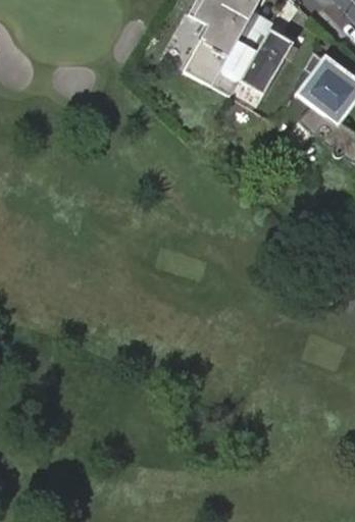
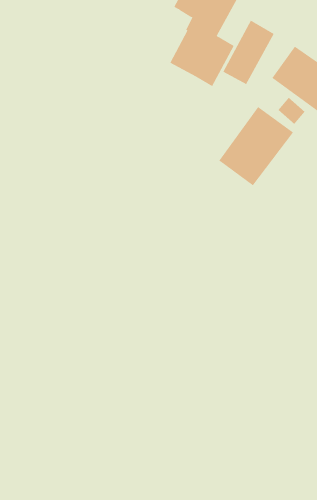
building: none -> [218,106,294,186]

